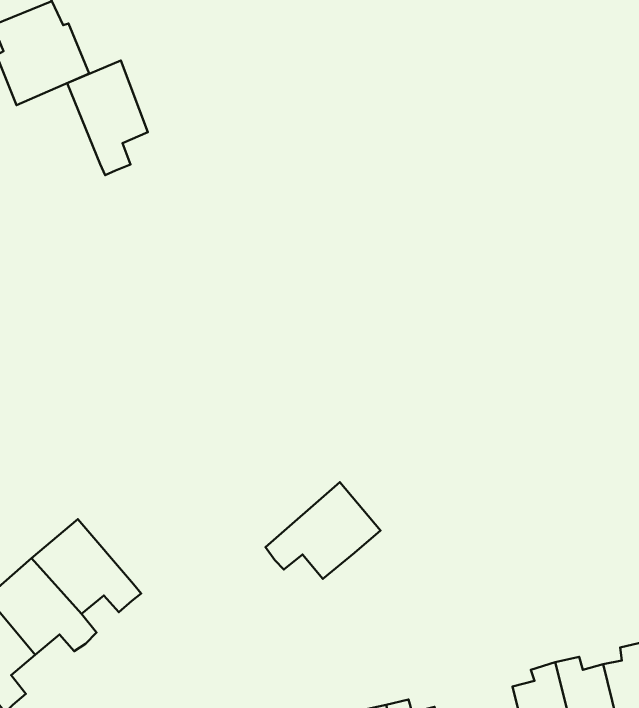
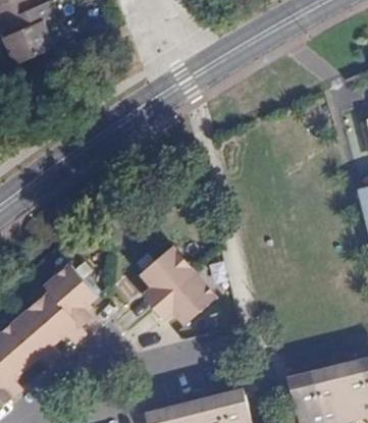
building: [67,61,148,175] -> none
building: none -> [140,245,193,305]
building: none -> [44,262,96,325]

